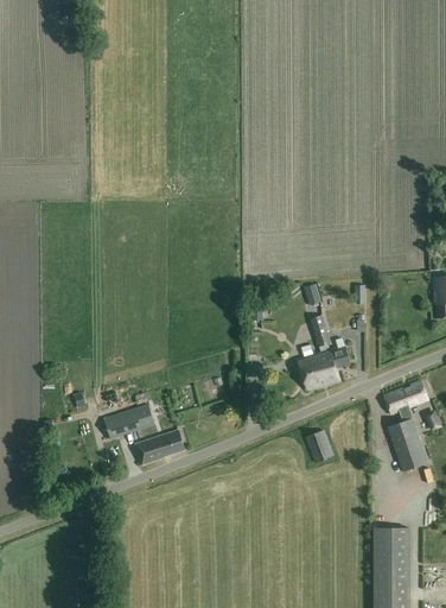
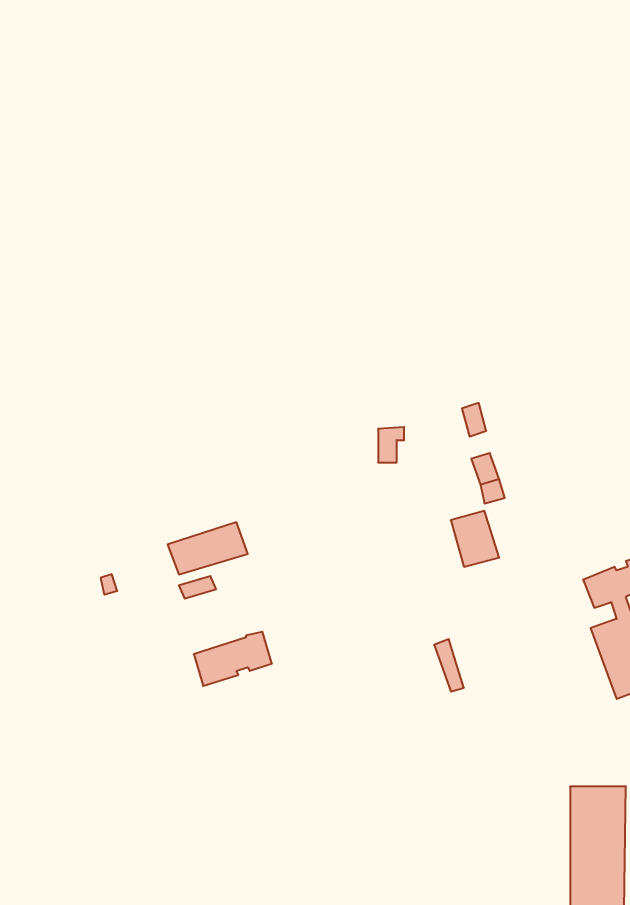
building: [319,347,352,382] -> none
building: [104,405,155,438] -> [168,522,248,574]
building: [305,431,334,463] -> none

